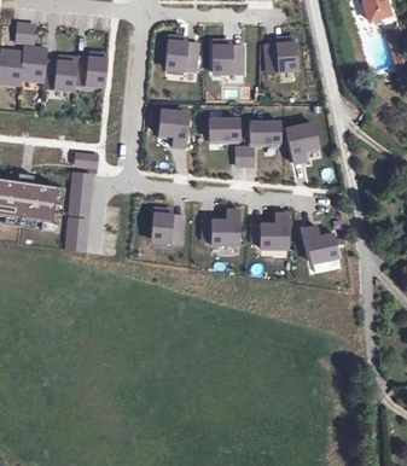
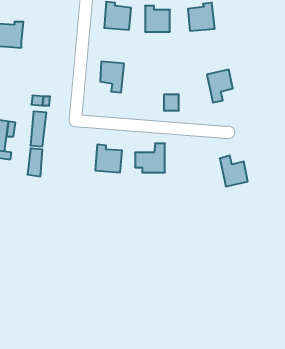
building: [64,57,97,89] -> none
building: [207,118,237,140] -> none
building: [248,120,278,141] -> none
building: [255,212,291,247] -> none

